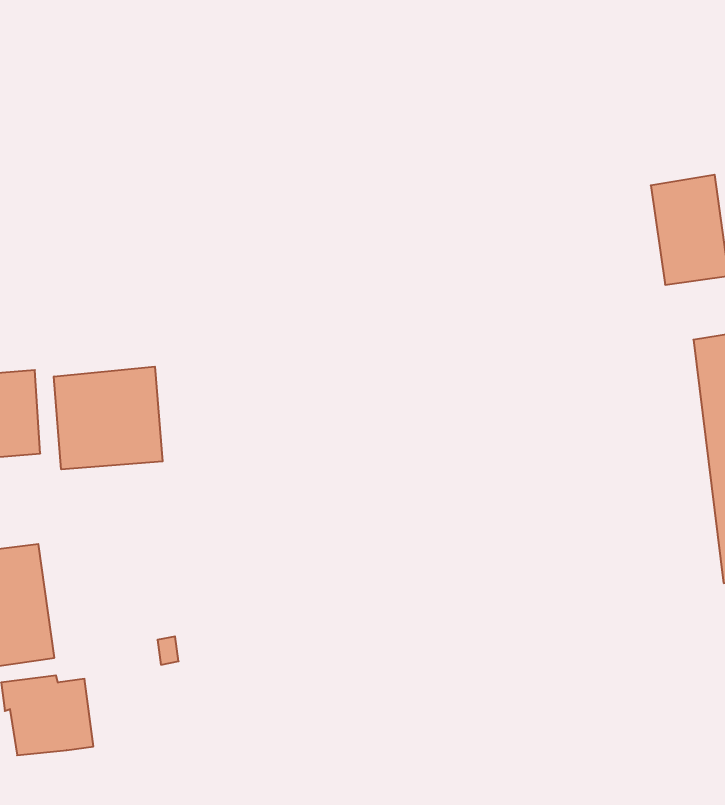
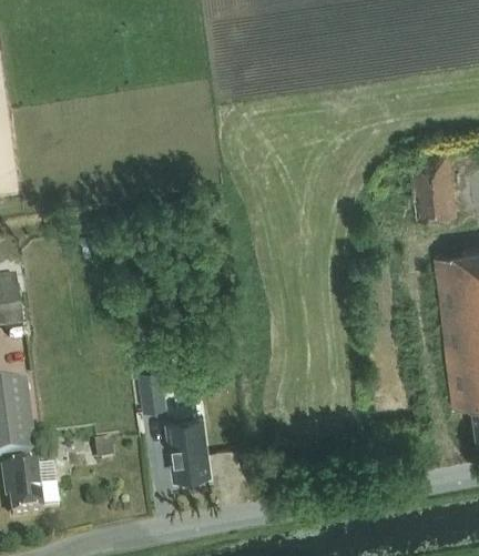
building: [54,367,163,469] -> none
building: none -> [140,368,166,407]
building: none -> [167,414,206,473]

